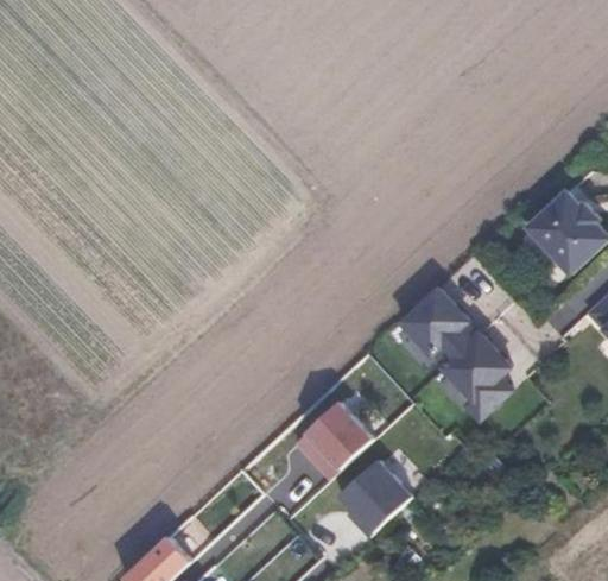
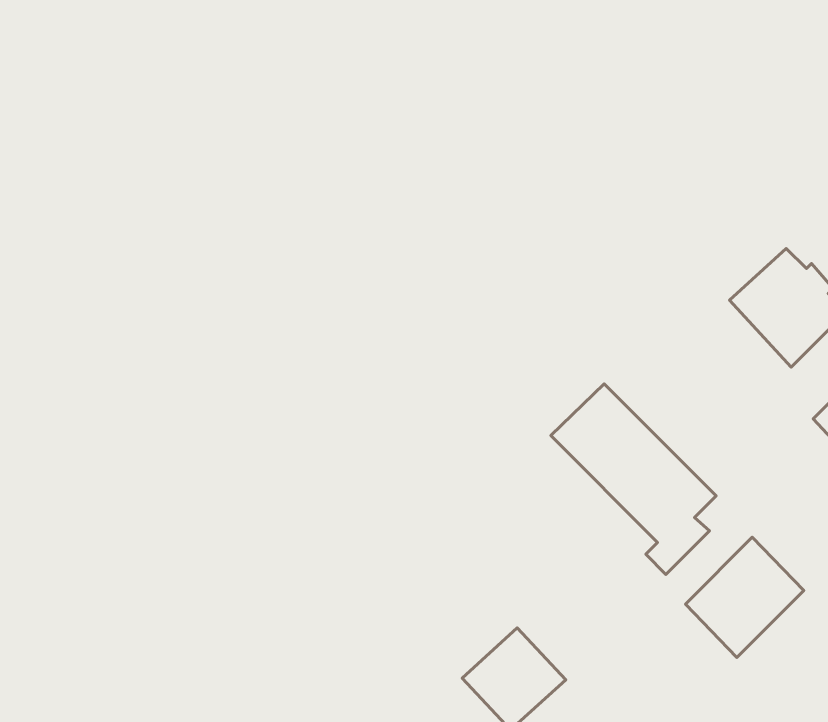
building: none -> [685,537,804,657]
building: [293,404,370,481] -> none

